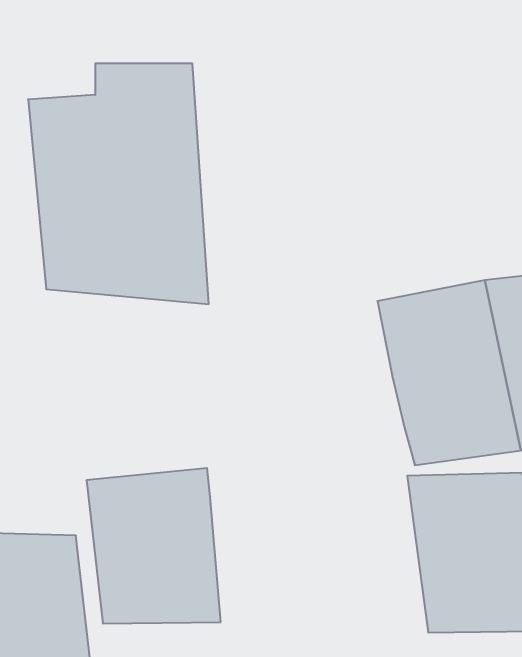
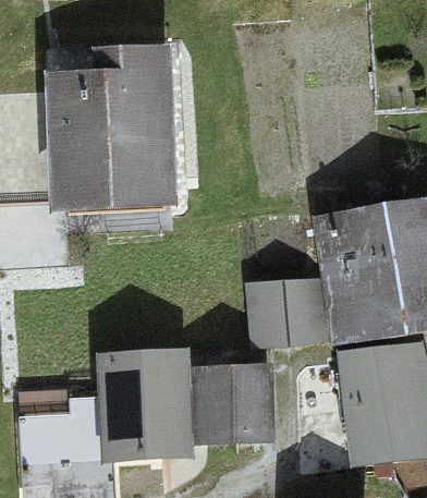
building: none -> [237,276,339,340]
building: none -> [190,362,283,454]

